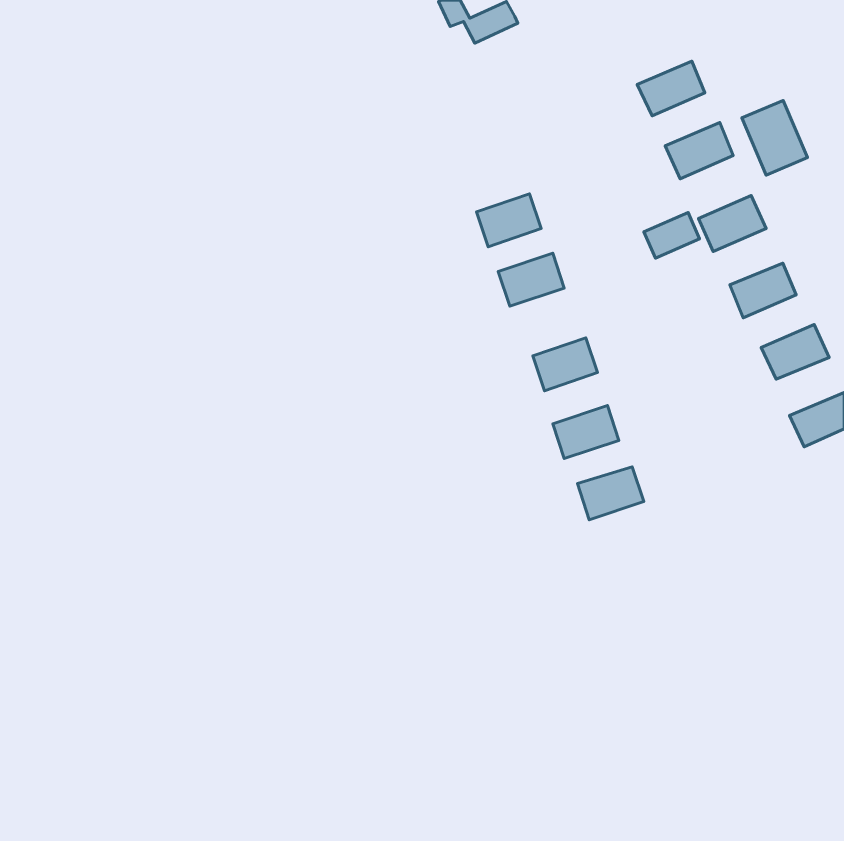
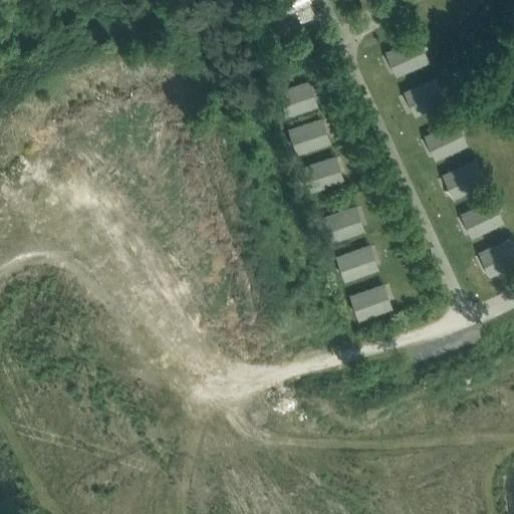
building: [742,100,808,175] -> none
building: none -> [277,82,316,113]
building: [644,213,700,258] -> none

